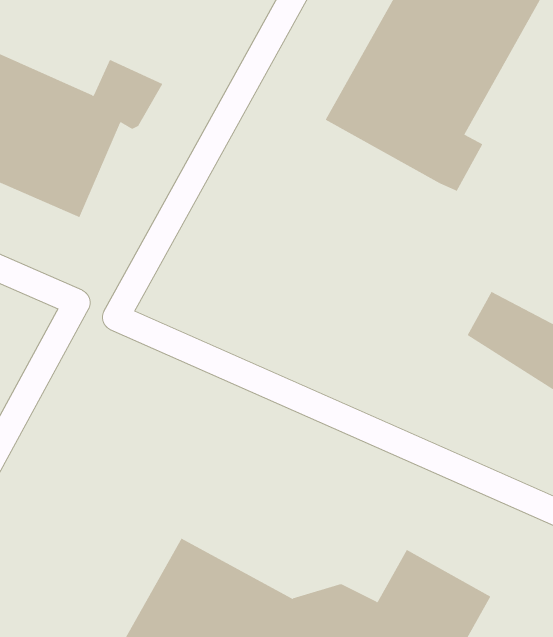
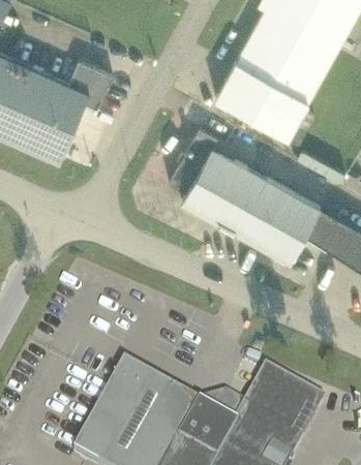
building: none -> [169,128,321,262]

